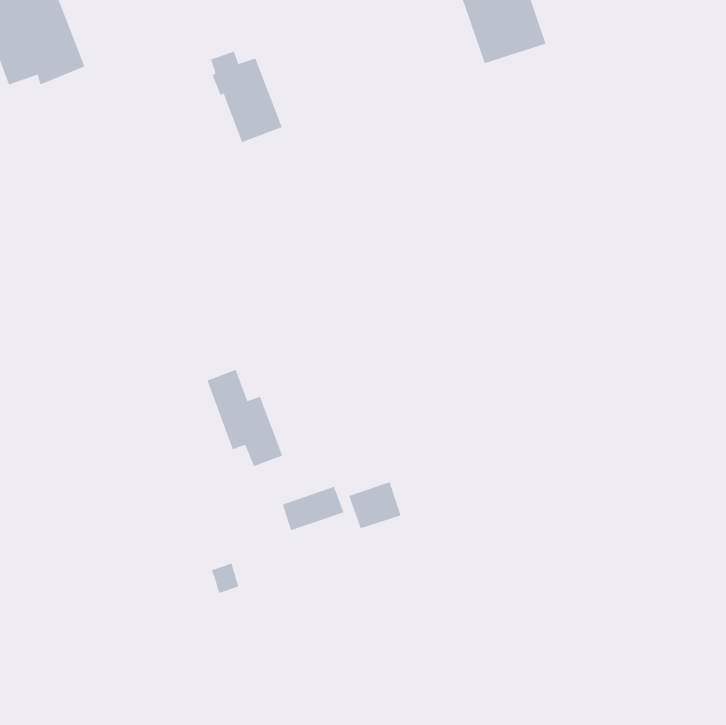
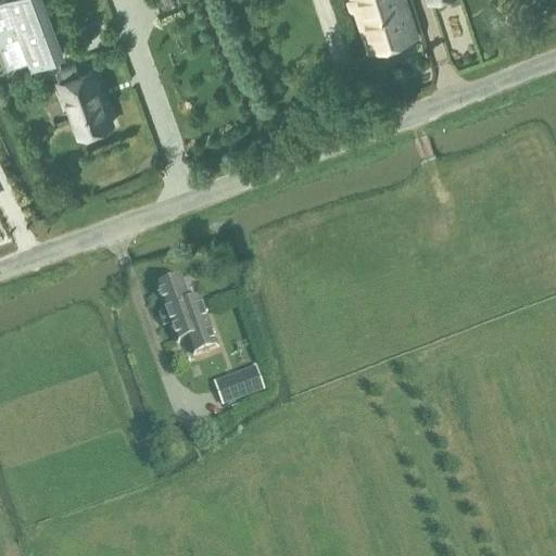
building: [210,51,283,143] -> [55,60,111,130]
building: [348,481,401,529] -> none

